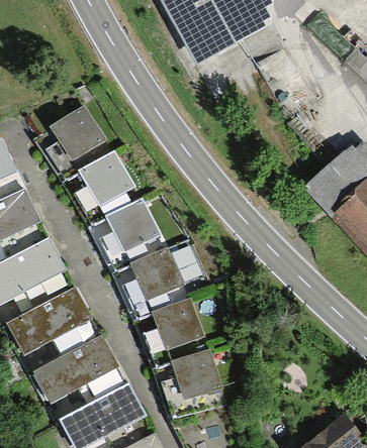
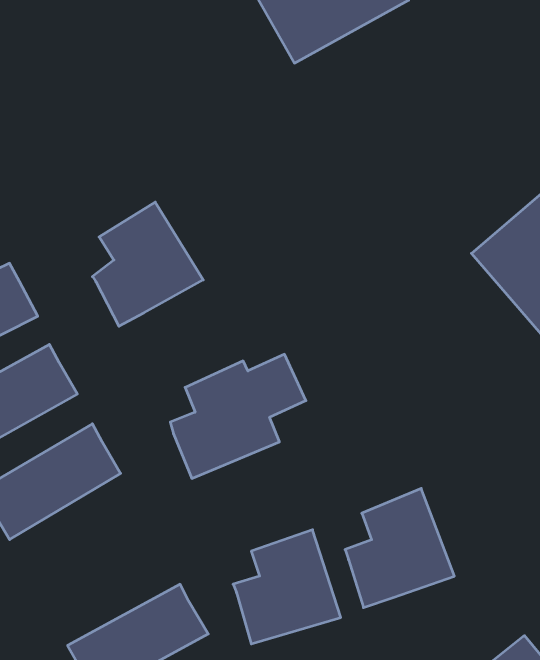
building: [45,105,113,181] -> none
building: [100,199,167,272] -> none
building: [143,298,209,370] -> [345,488,454,608]
building: [33,335,119,405] -> none

